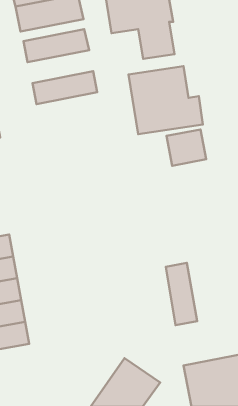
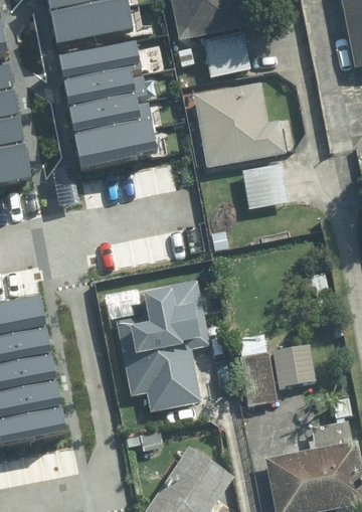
building: none -> [66,65,148,107]
building: none -> [77,118,159,164]
building: none -> [113,282,209,412]
building: none -> [269,343,319,388]

